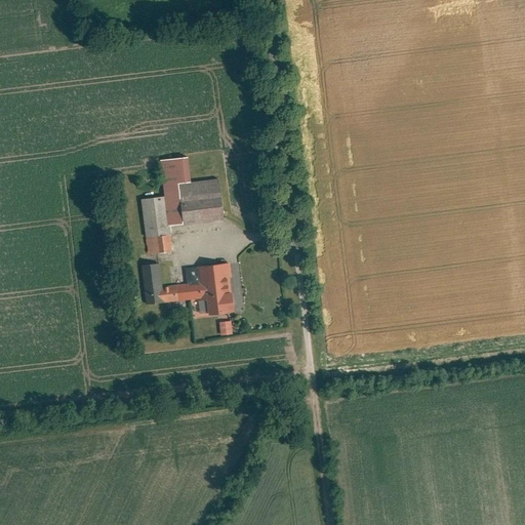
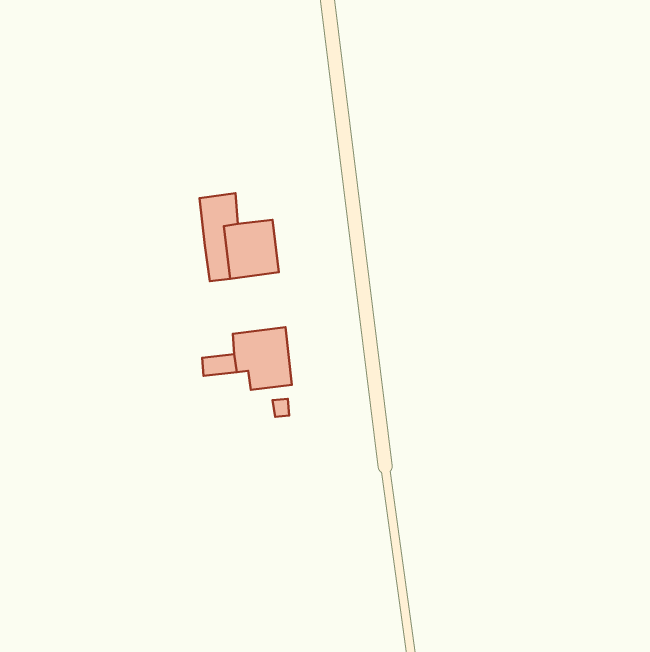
building: [142,198,170,252] -> none
building: [142,264,163,305] -> none

